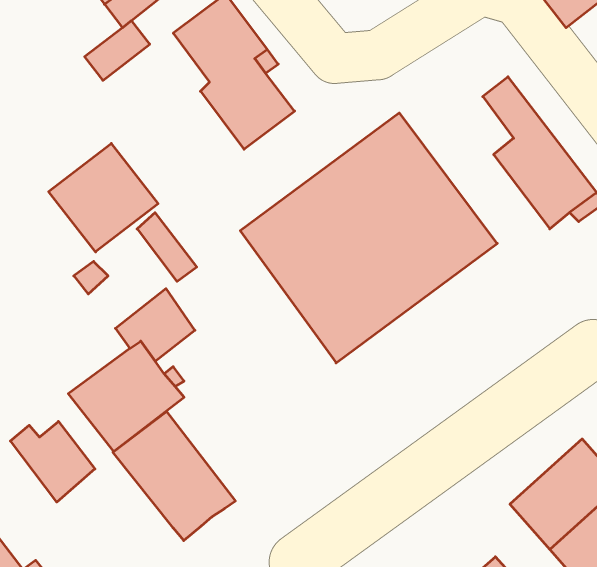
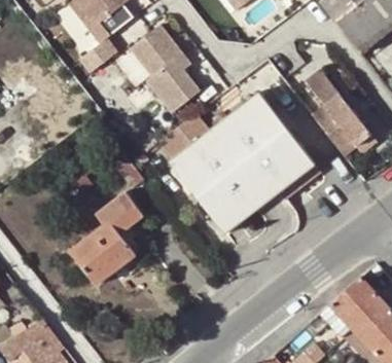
building: [49,143,158,252] -> none
building: [113,412,235,541] -> none
building: [10,421,95,502] -> none

